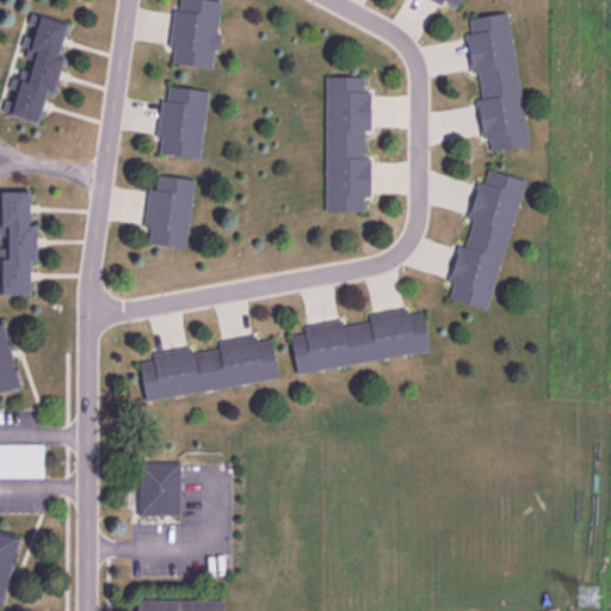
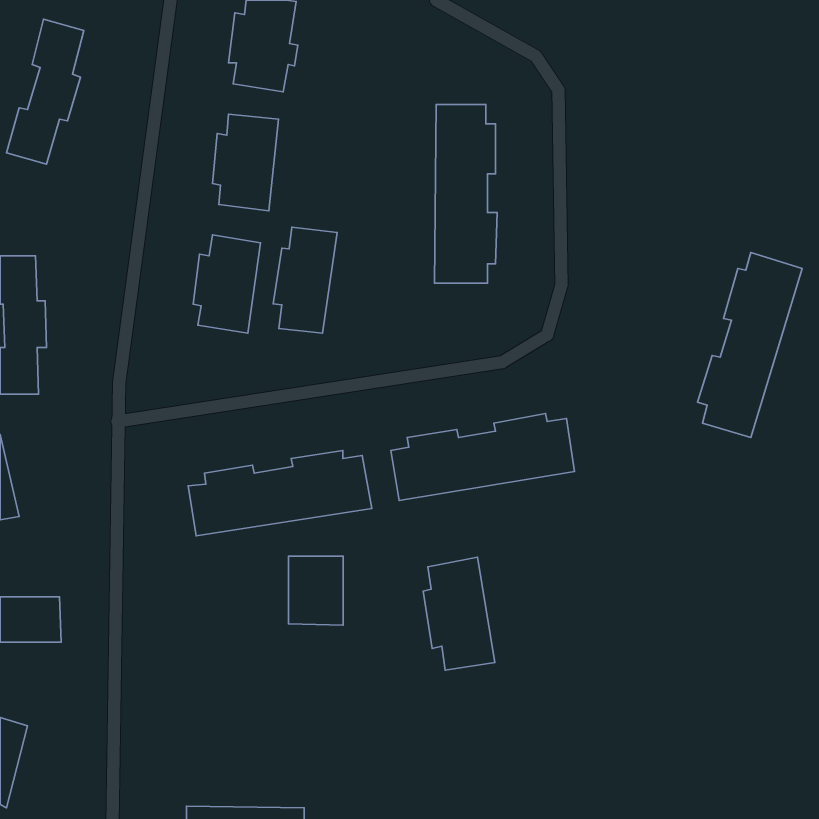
building: [464,14,530,152] -> none
building: none -> [273,227,337,333]
building: [448,172,525,309] -> [698,252,802,437]
building: none -> [423,557,495,670]
building: [143,464,184,516] -> [289,556,343,625]

